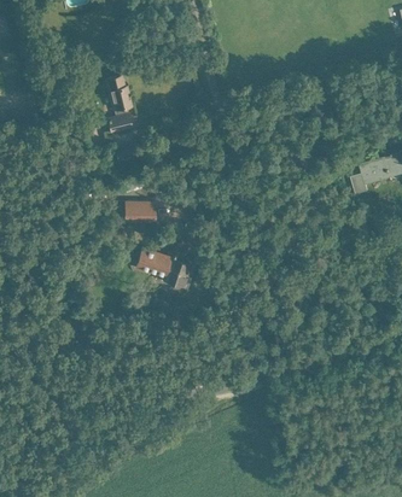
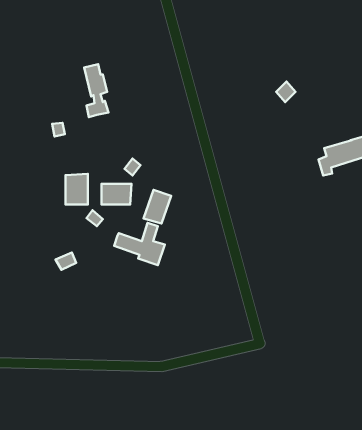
building: none -> [66,174,88,205]
building: none -> [144,190,171,223]

